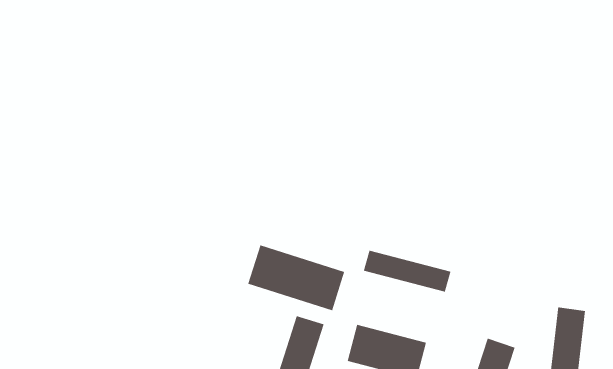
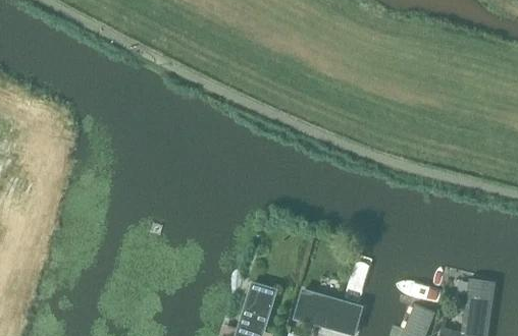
building: [248,244,345,311] -> none
building: [363,250,451,293] -> none

